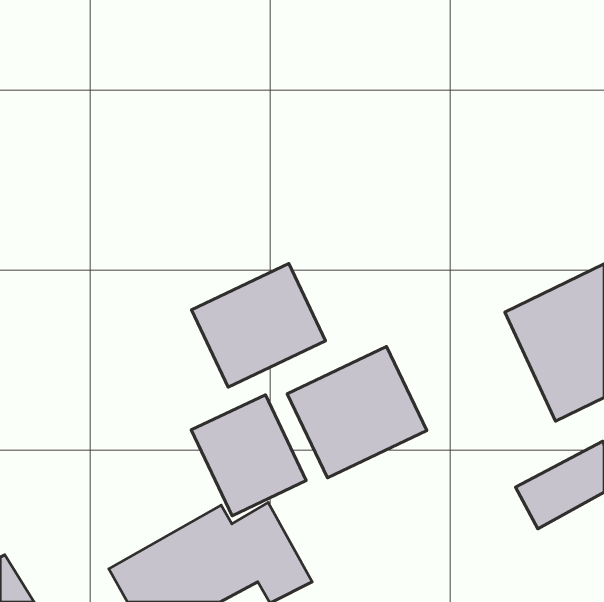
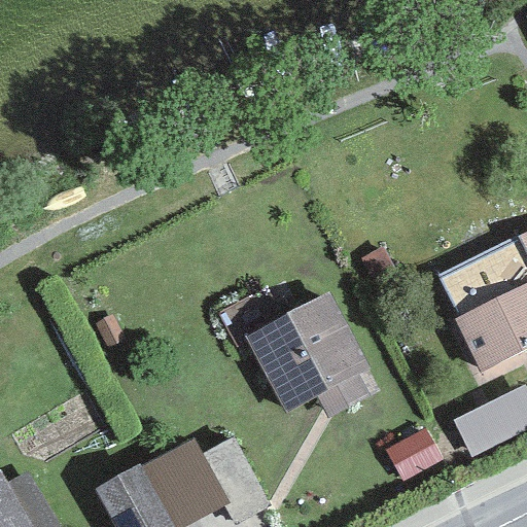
building: [192,263,325,387] -> none
building: [191,395,306,516] -> none

